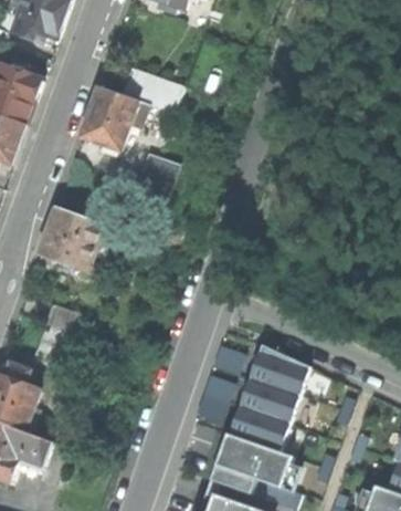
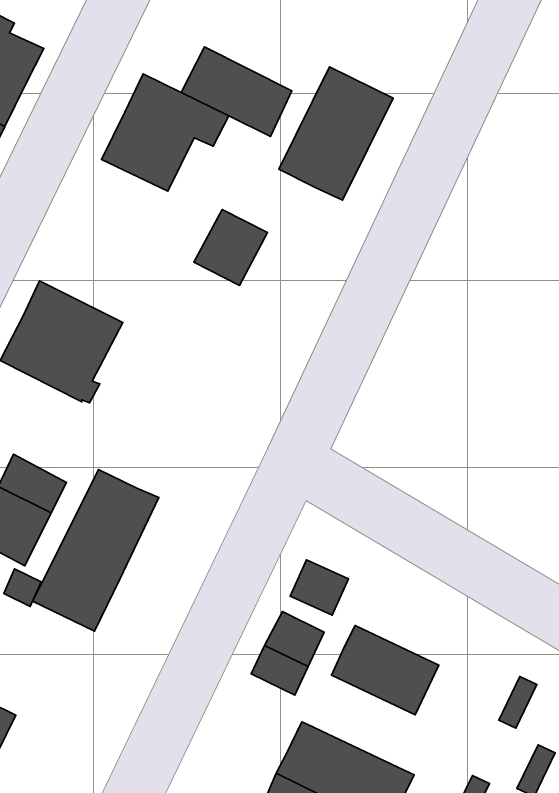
building: none -> [279,67,393,200]
building: none -> [33,470,159,631]
building: [250,344,308,394] -> none
building: [230,406,288,451] -> none

